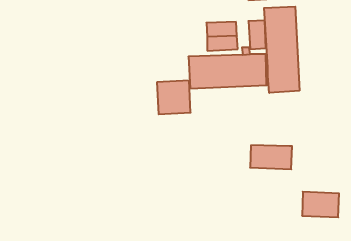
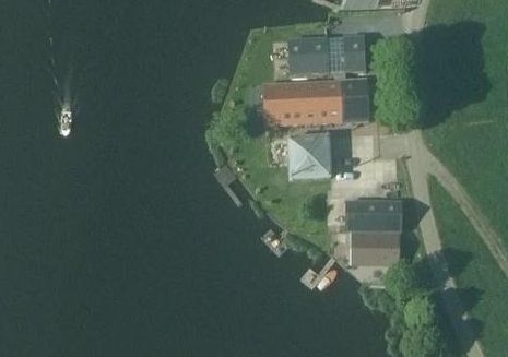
building: [264,7,299,93] -> none
building: [157,81,191,114] -> [287,134,332,179]
building: [302,192,339,217] -> [351,230,400,264]

